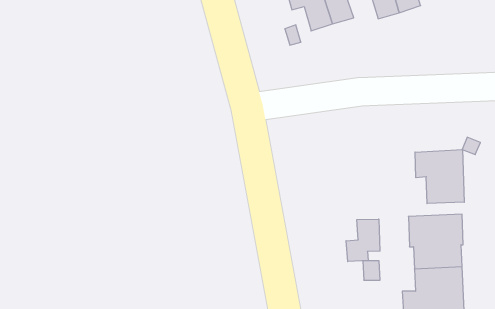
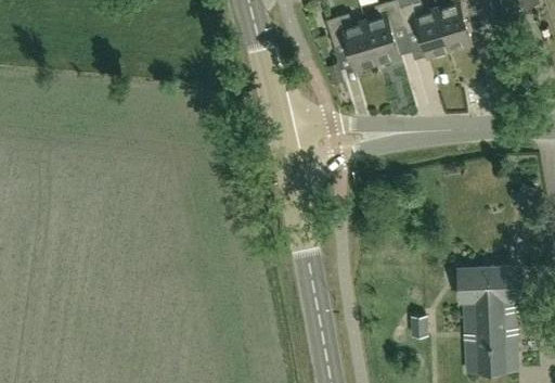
building: [415,150,464,204] -> none
building: [346,219,380,262] -> none

